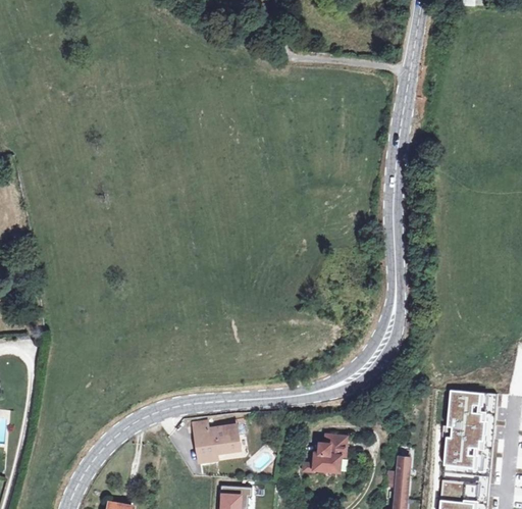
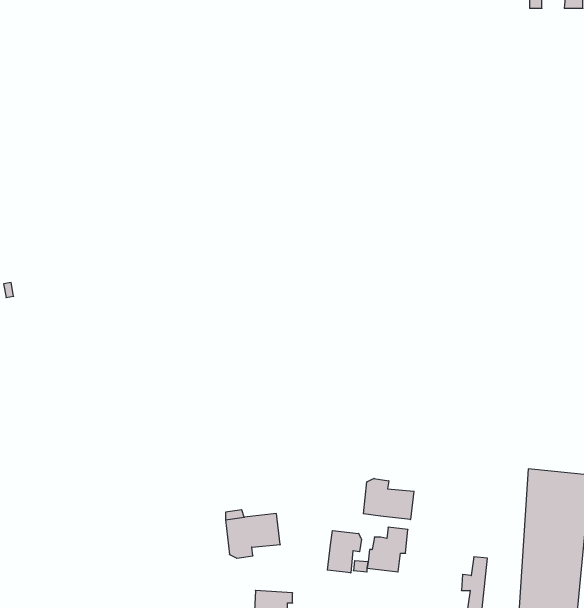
building: none -> [363,478,414,520]
building: none -> [327,531,361,573]

